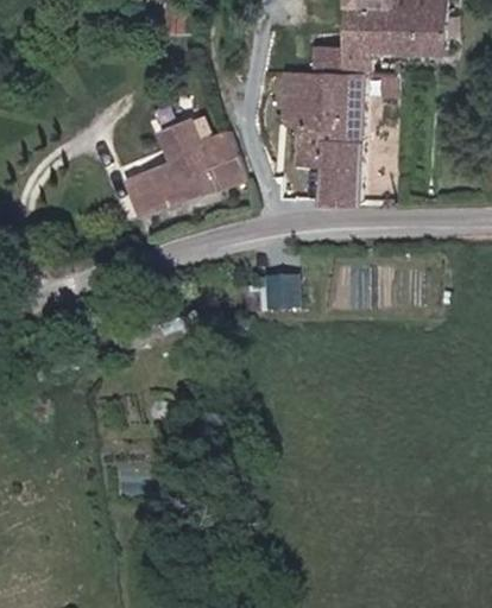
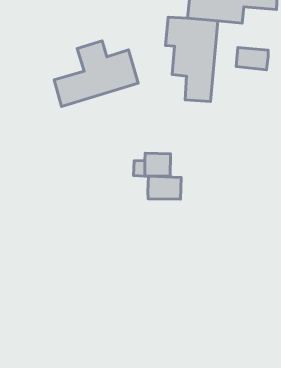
building: none -> [236,47,268,70]
building: none -> [148,176,181,199]

